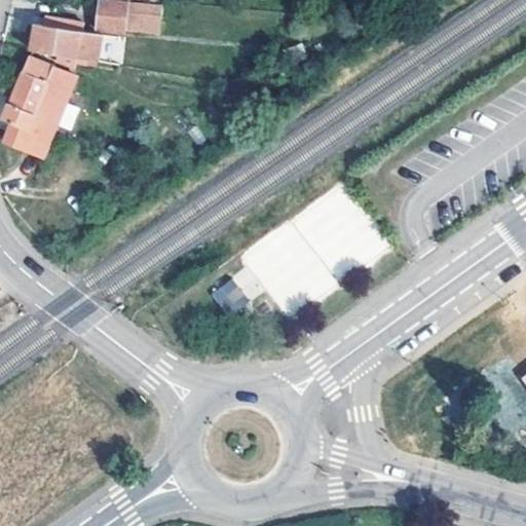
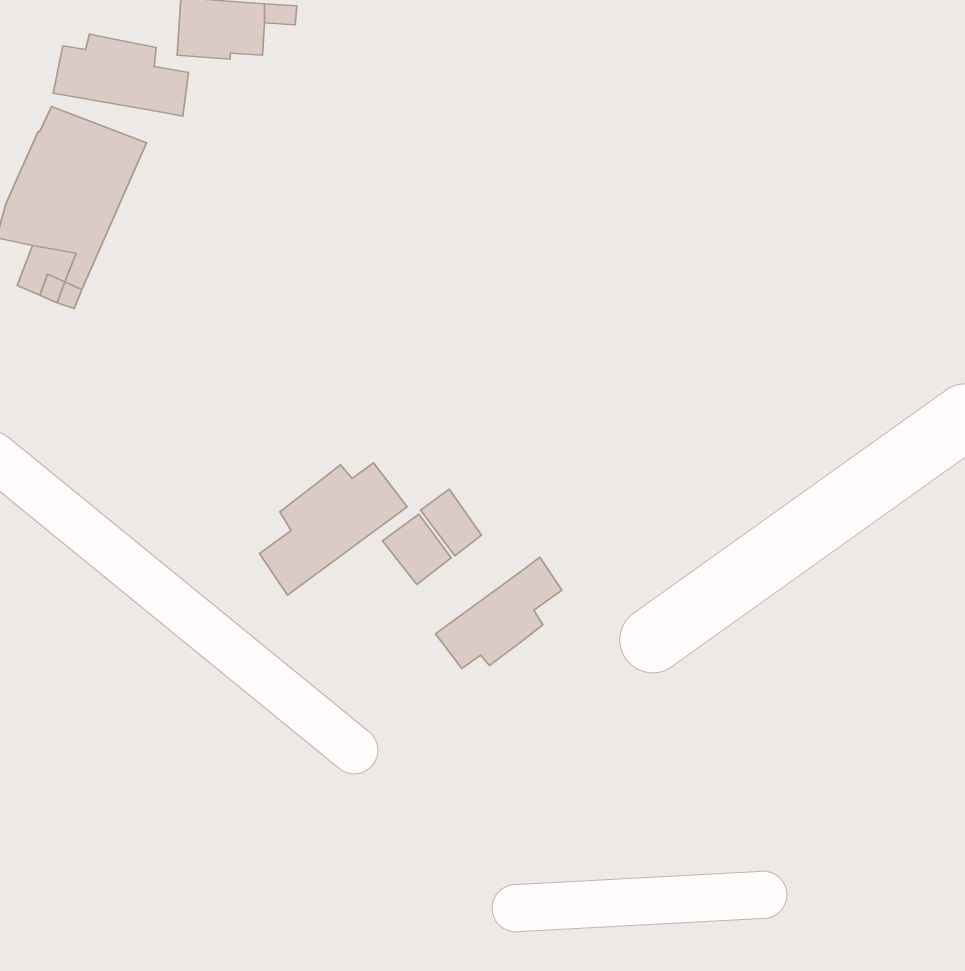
building: none -> [259,463,407,595]
building: none -> [435,557,562,668]

